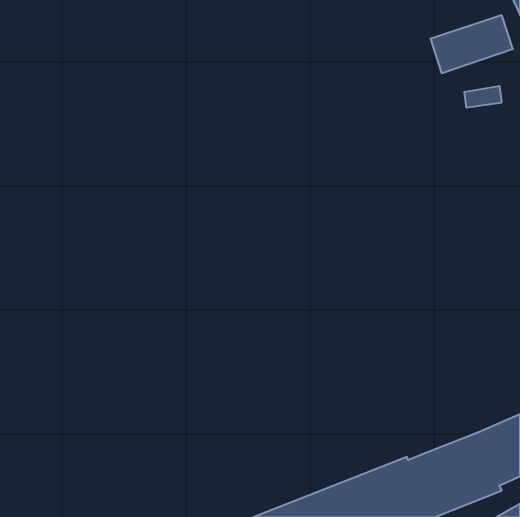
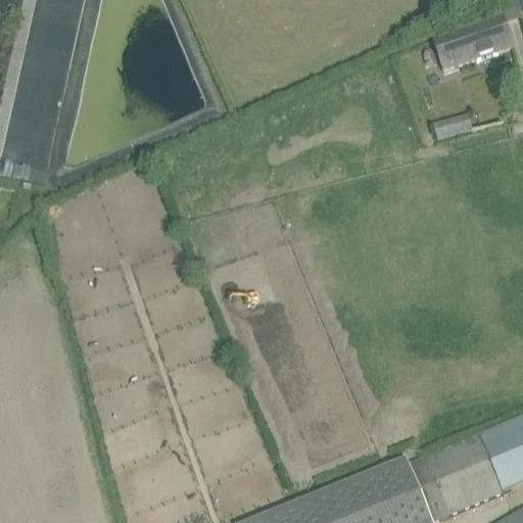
building: [464,86,502,107] -> [434,115,472,137]

